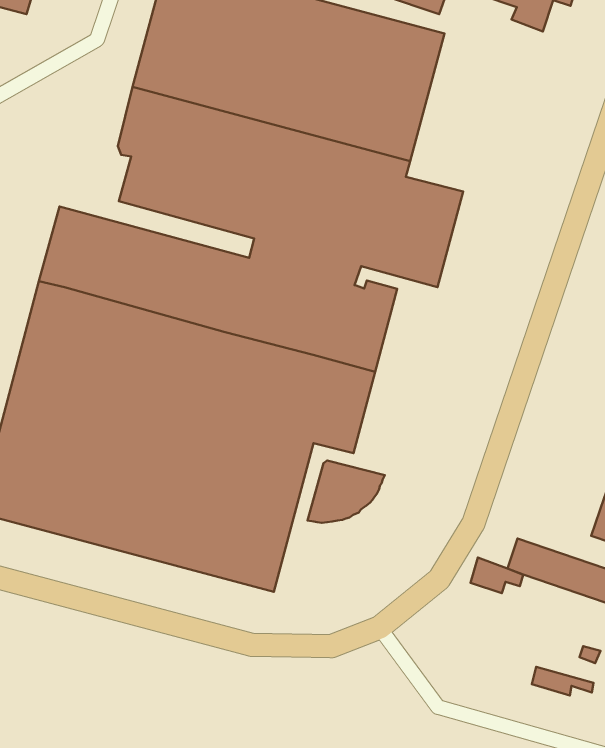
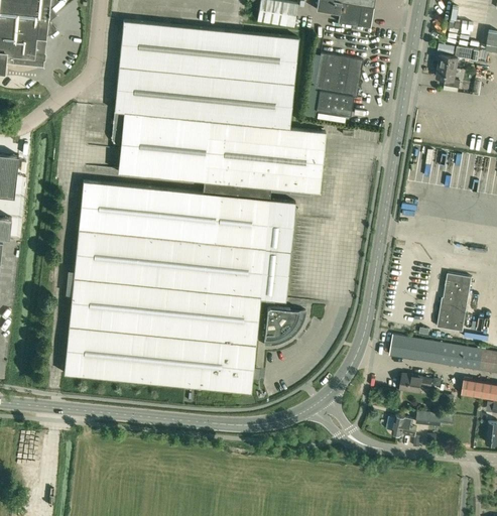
building: none -> [315,53,364,116]
building: [470,557,523,593] -> [400,374,431,393]
building: none -> [386,416,417,436]

